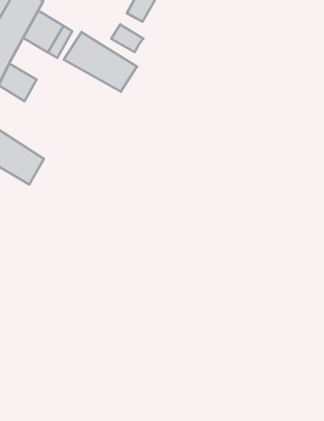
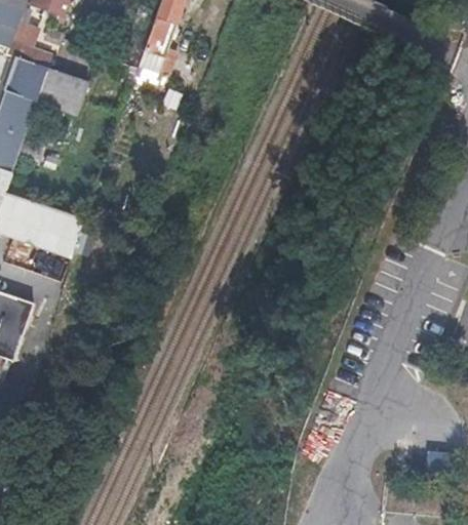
building: [64,32,137,92] -> none

